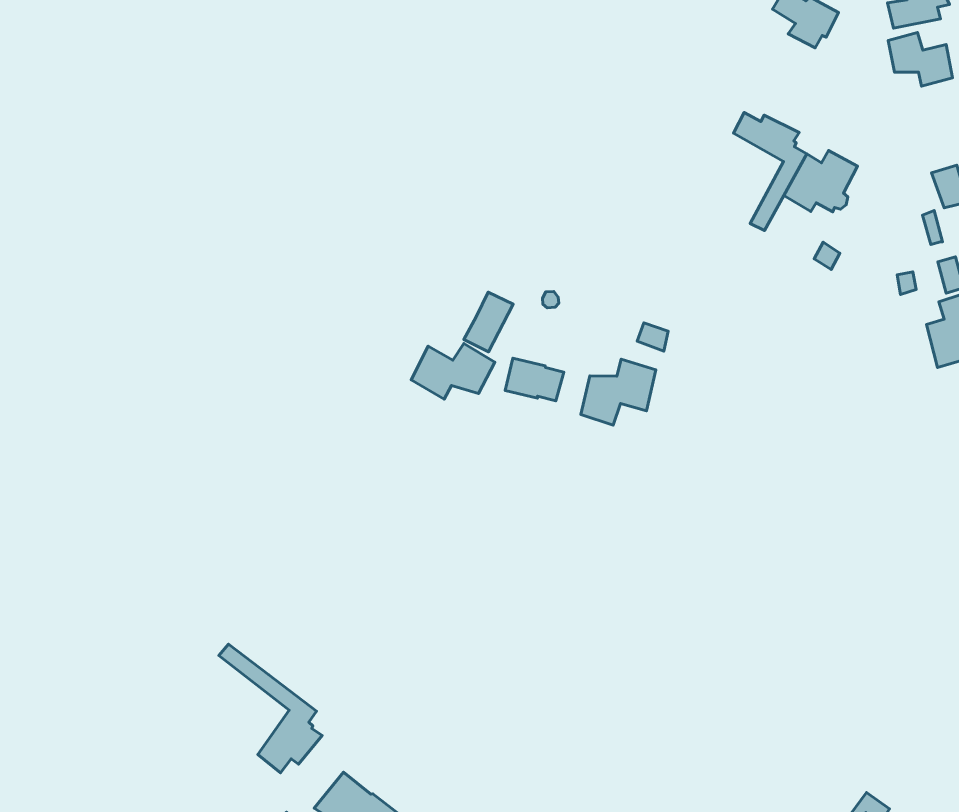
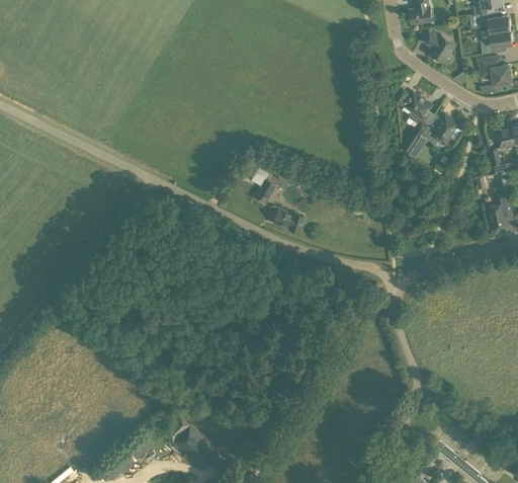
building: [411,343,495,399] -> none
building: [581,359,656,425] -> none
building: [219,644,322,773] -> none

